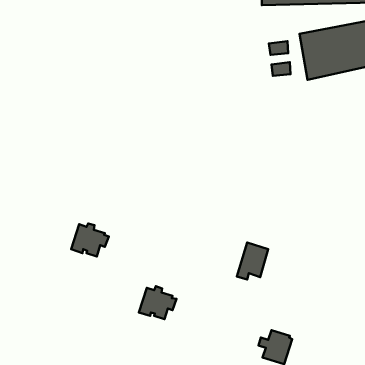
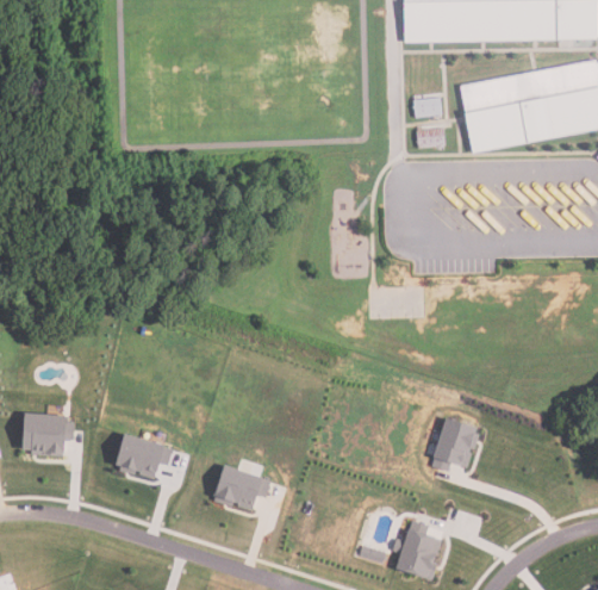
building: [71,224,109,256] -> [118,430,174,479]
building: [237,243,268,280] -> [431,416,478,471]
building: none -> [26,411,76,455]

